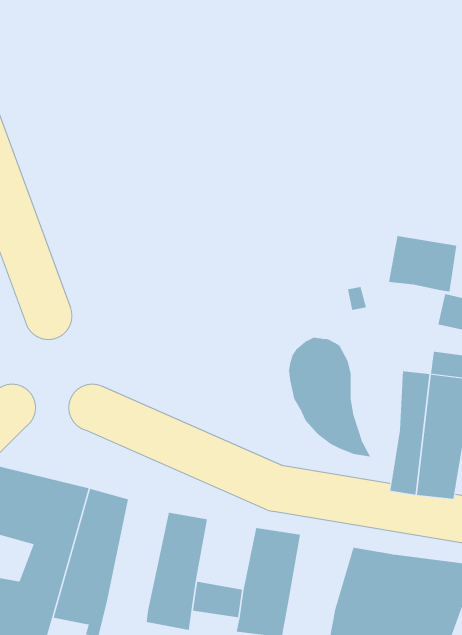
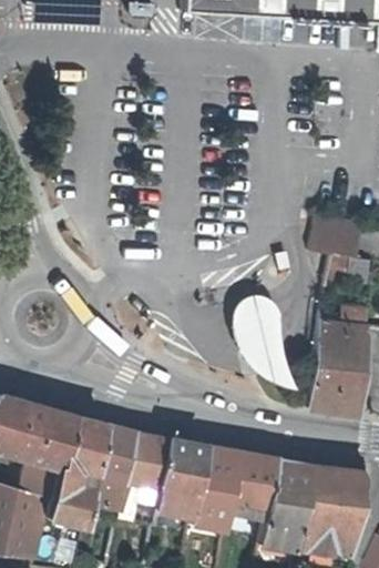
building: none -> [89,422,136,509]
building: none -> [158,437,205,493]
building: none -> [232,449,281,510]

